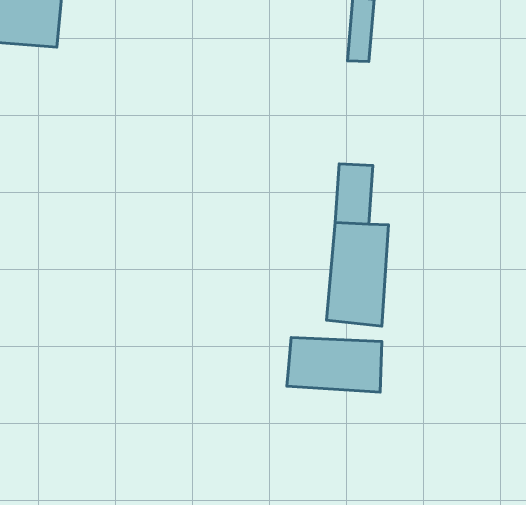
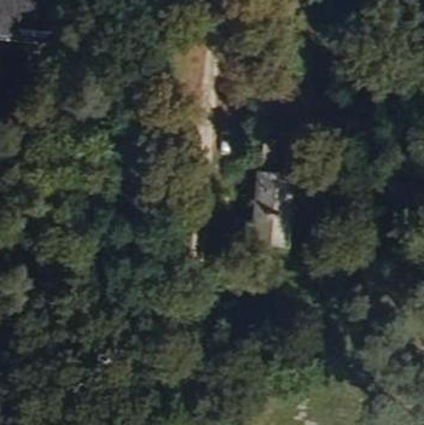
building: [287,338,382,392] -> none

